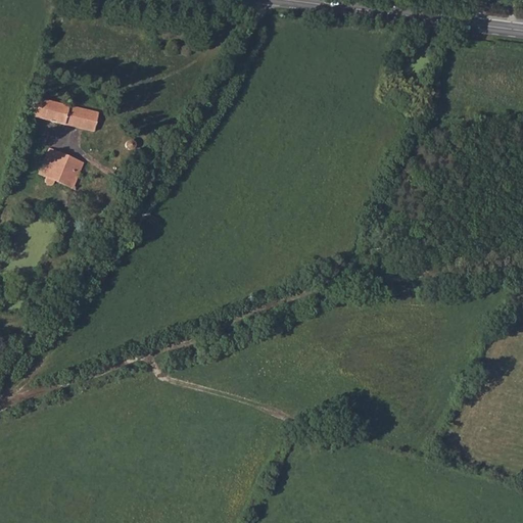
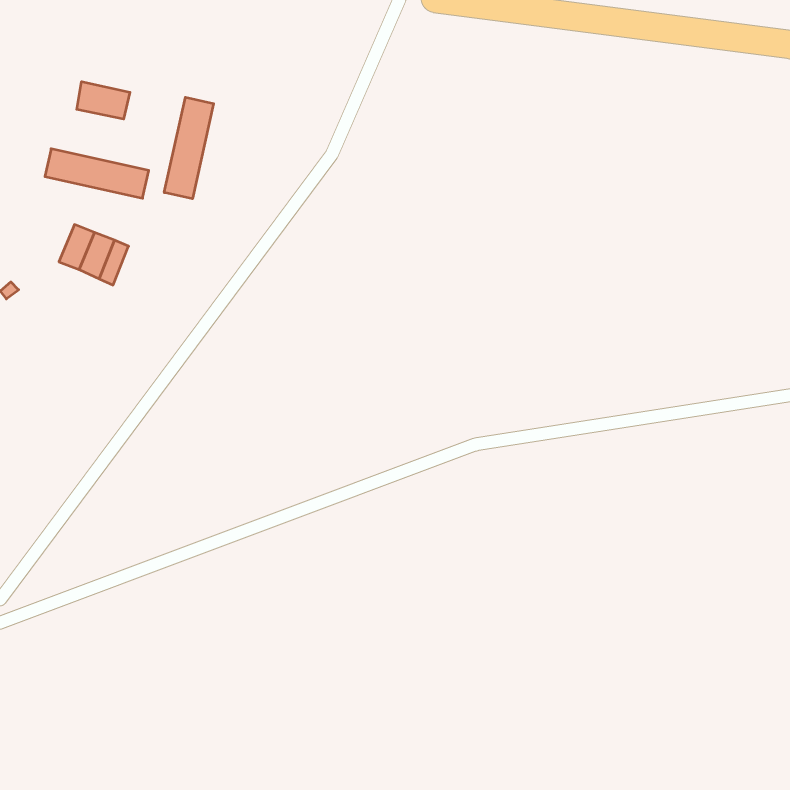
building: none -> [77,82,130,119]
building: none -> [164,97,214,199]

